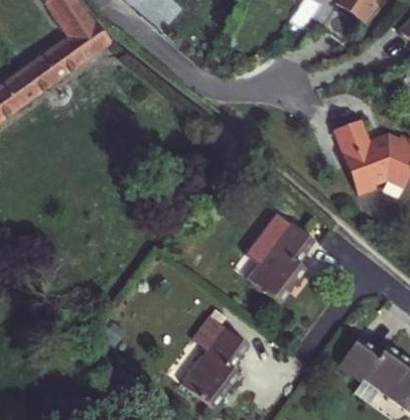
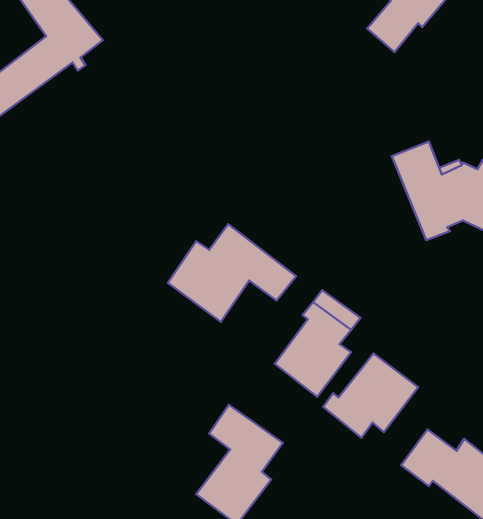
building: none -> [168,224,296,322]
building: none -> [323,354,418,438]

